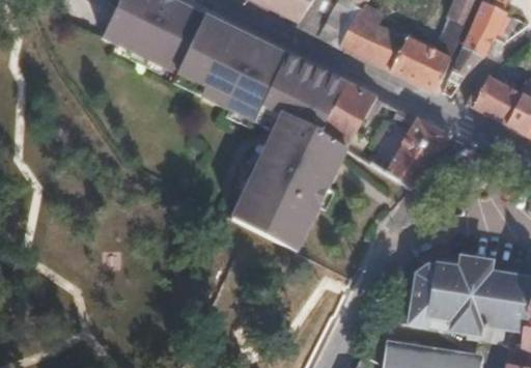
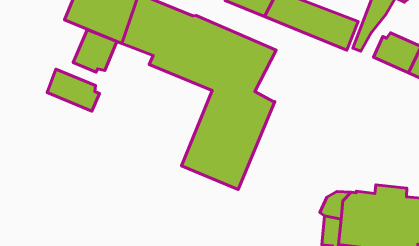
building: none -> [73,30,117,72]
building: [323,88,375,149] -> none
building: none -> [47,69,99,111]
building: [385,119,451,189] -> none

